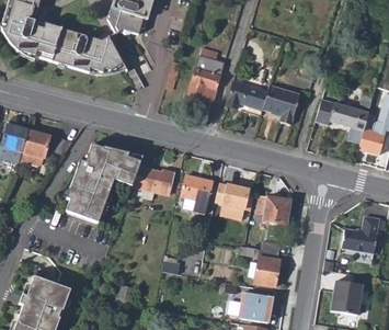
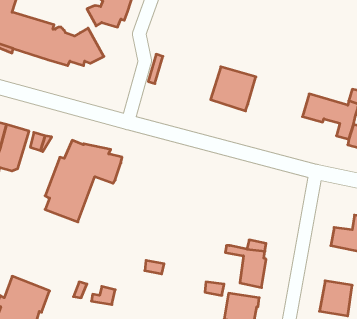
building: [187,55,225,102] -> none
building: [263,86,300,124] -> none
building: [133,166,175,198] -> none
building: [182,174,214,214] -> none
building: [217,182,255,214] -> none
building: [256,194,291,224] -> none

